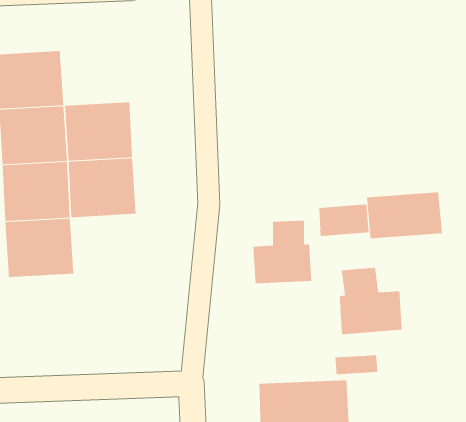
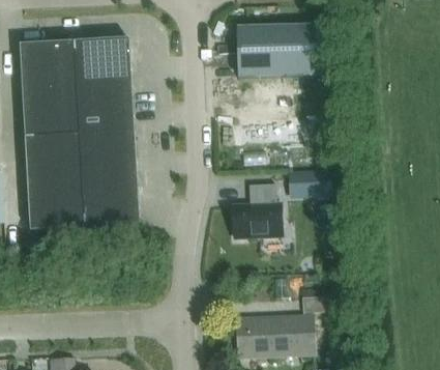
building: none -> [236,26,321,78]
building: none -> [74,38,131,88]
building: [366,191,443,239] -> none
building: none -> [82,178,140,228]
building: [339,267,402,335] -> none

